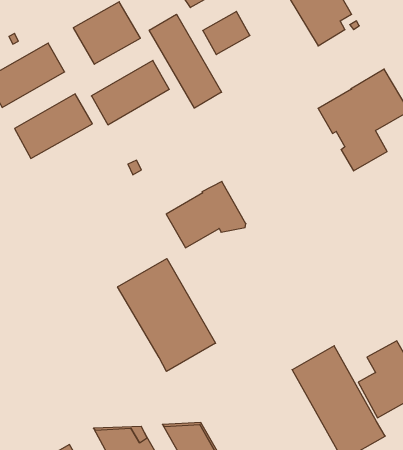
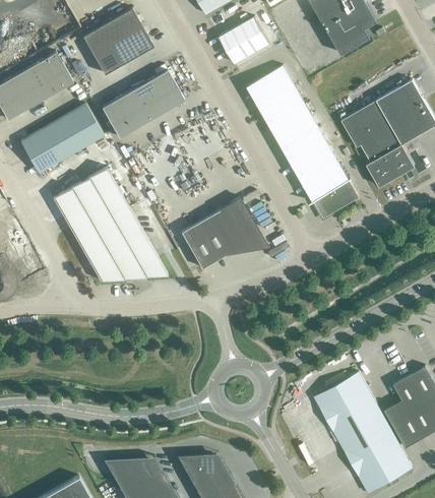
building: [149,14,222,108] -> none
building: none -> [247,66,359,214]
building: none -> [53,168,168,282]
building: [118,259,216,371] -> none

